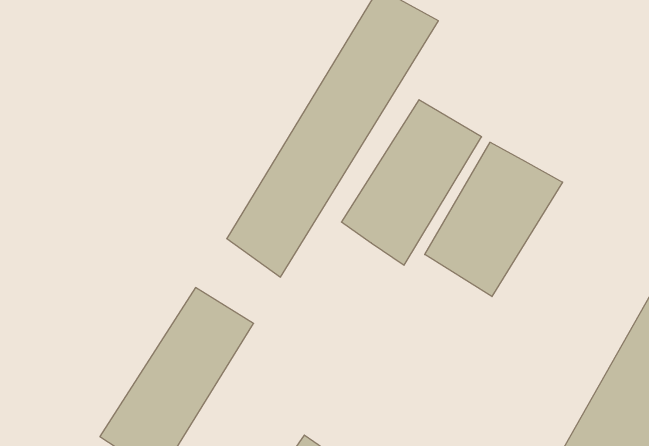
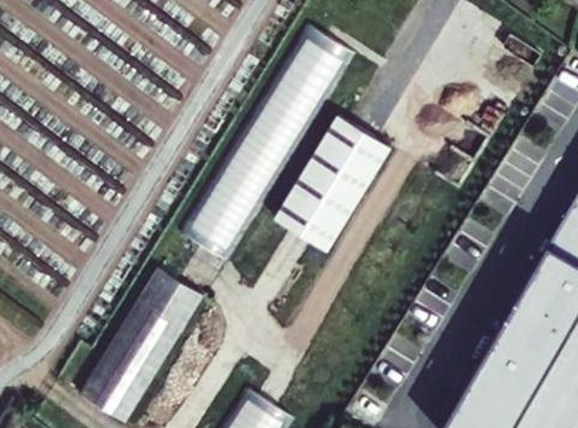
building: [425,142,563,297] -> none

